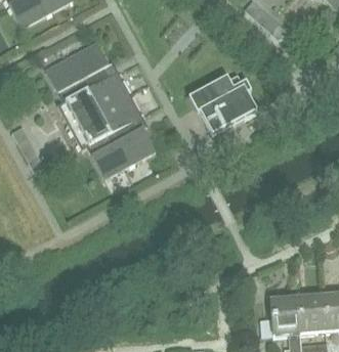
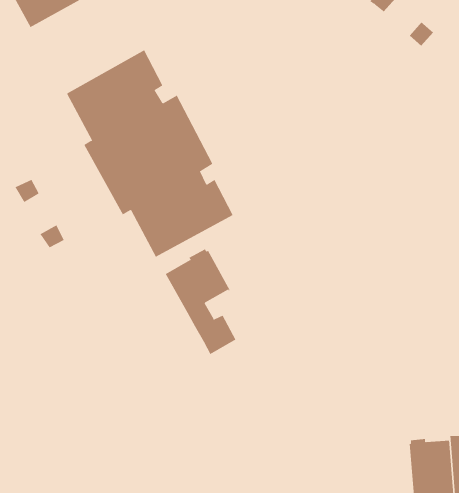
building: [189,76,257,135] -> none
building: none -> [163,249,236,355]

